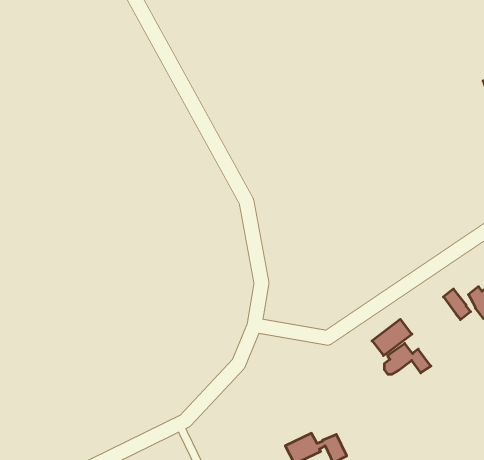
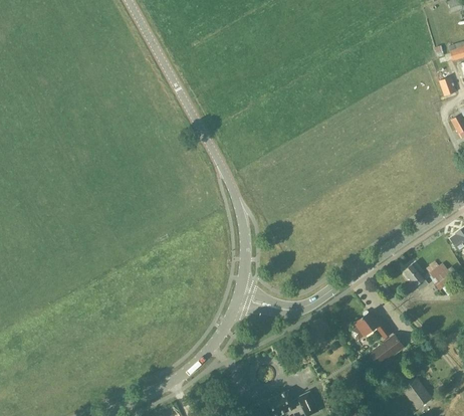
building: [372,319,412,356] -> [370,334,405,366]
building: none -> [403,377,433,408]

